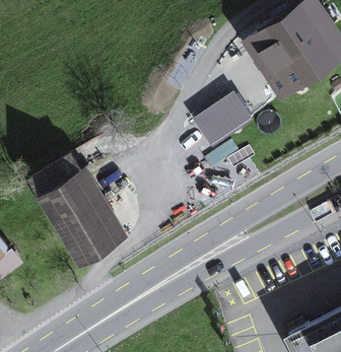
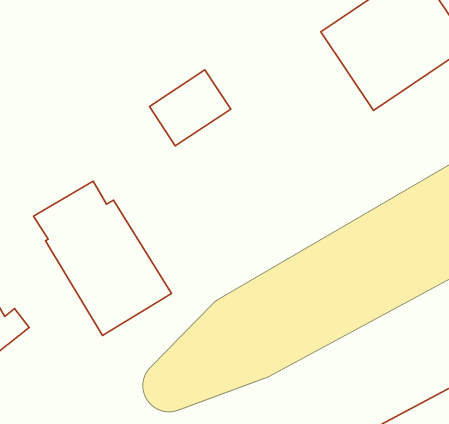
building: [193,91,254,148] -> [149,70,231,146]

